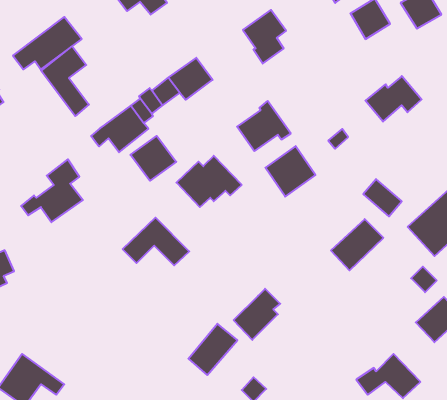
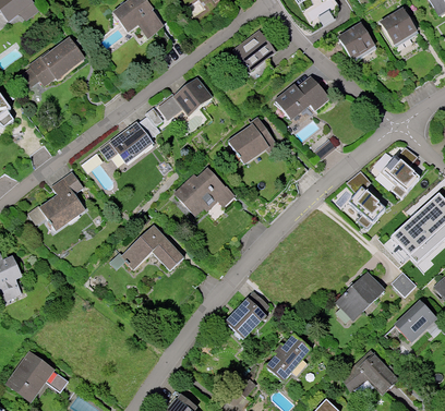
building: [41,46,89,116] -> none
building: [365,76,422,122] -> [278,76,330,119]
building: [130,136,176,181] -> none
building: [265,146,315,197] -> none
building: none -> [383,159,418,193]
building: [331,219,383,270] -> [337,271,386,319]
building: [188,324,237,375] -> [267,334,313,382]

